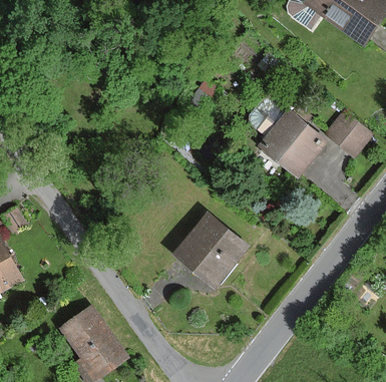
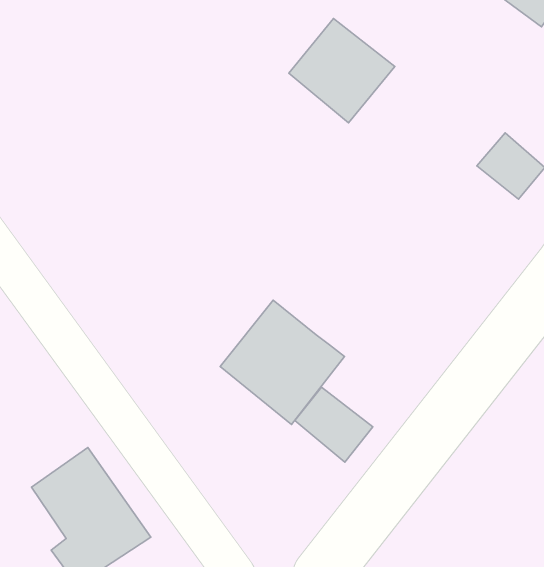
building: [262,110,326,173] -> [289,18,395,123]
building: none -> [295,387,373,462]

